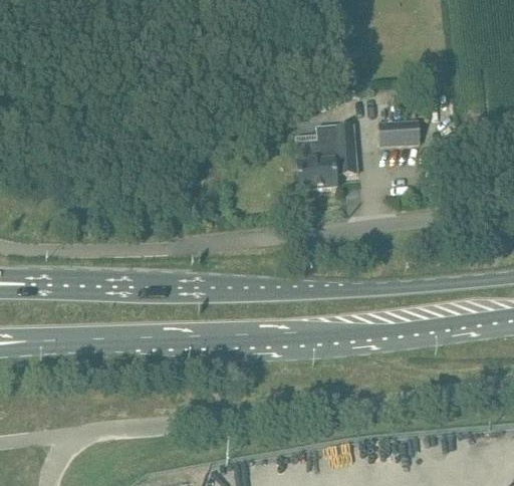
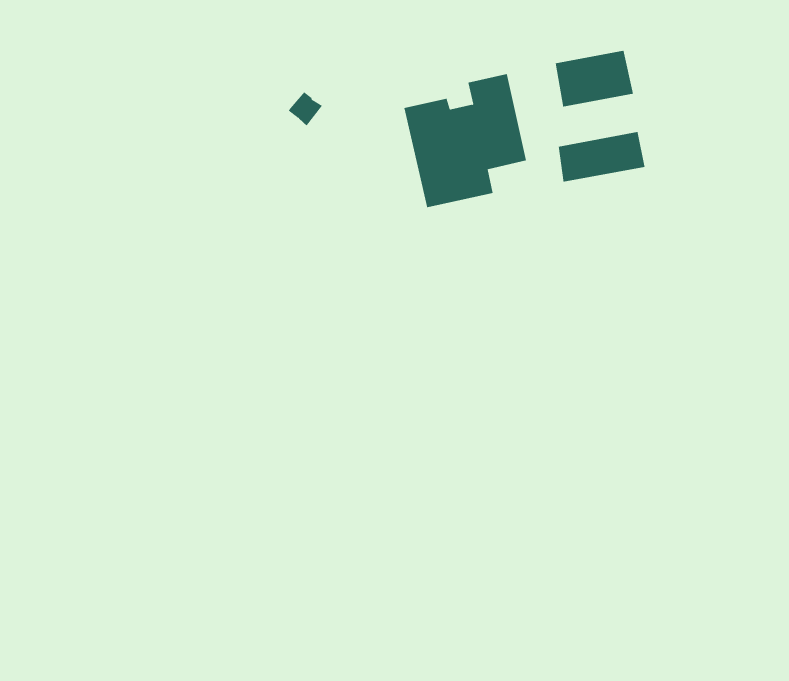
building: none -> [558,131,645,183]

